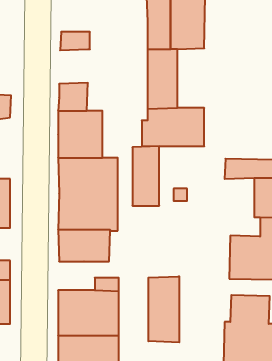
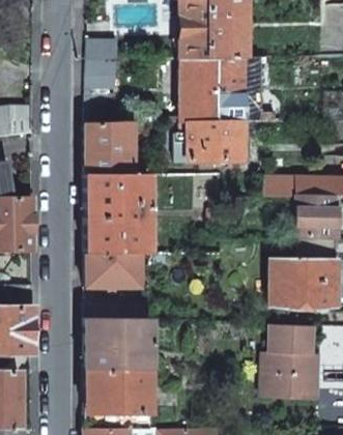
building: none -> [86,58,117,90]
building: [132,146,159,206] -> [213,57,242,121]
building: [148,276,179,342] -> none

